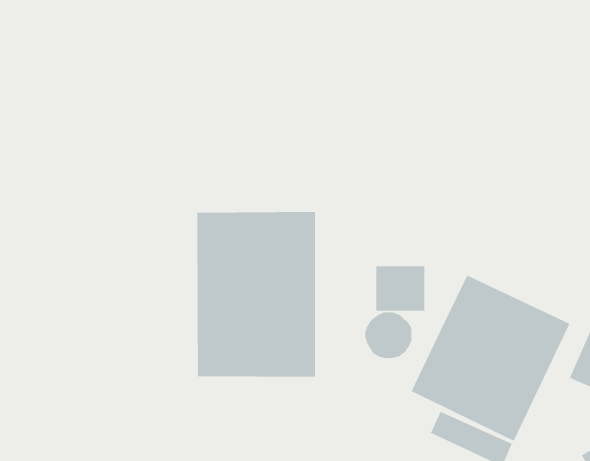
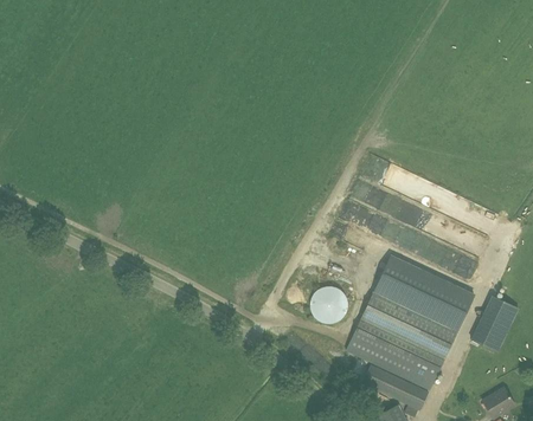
building: [197,211,316,377] -> none
building: [376,266,425,312] -> none

